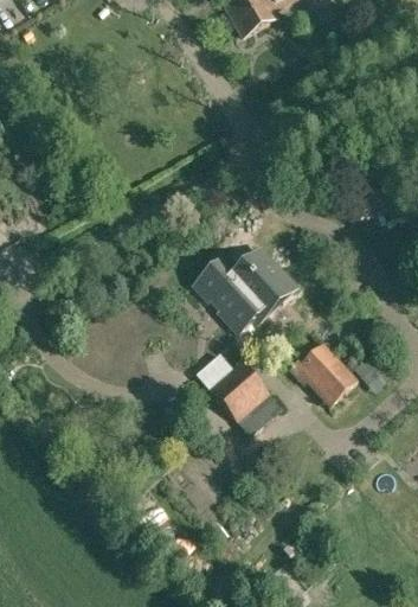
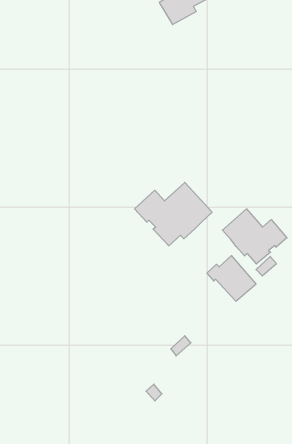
building: none -> [222,209,287,264]
building: [206,359,278,434] -> none

